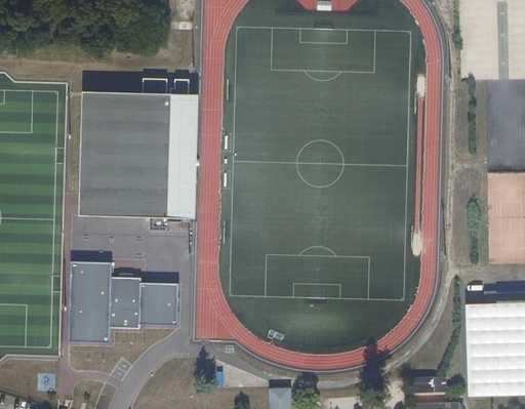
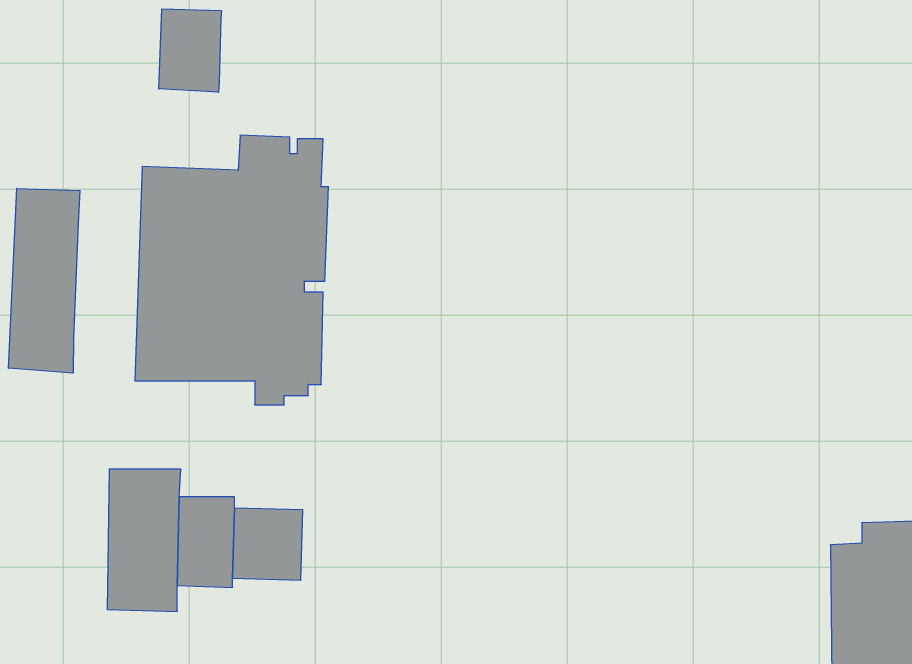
building: none -> [159,9,221,92]
building: none -> [9,188,80,373]

